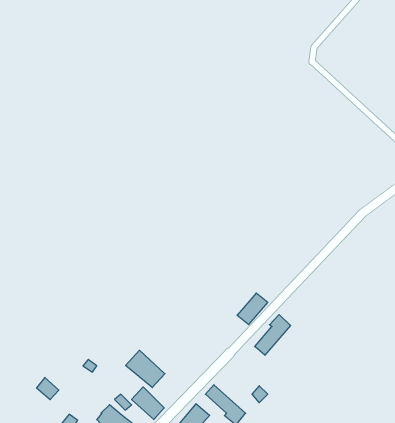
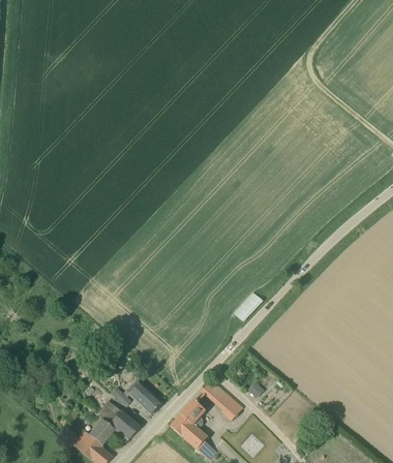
building: [255,315,291,355] -> none
building: [126,350,165,388] -> none

